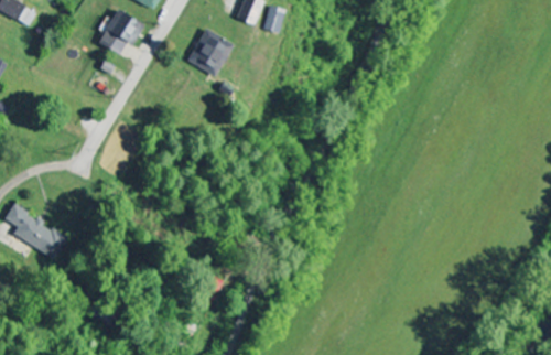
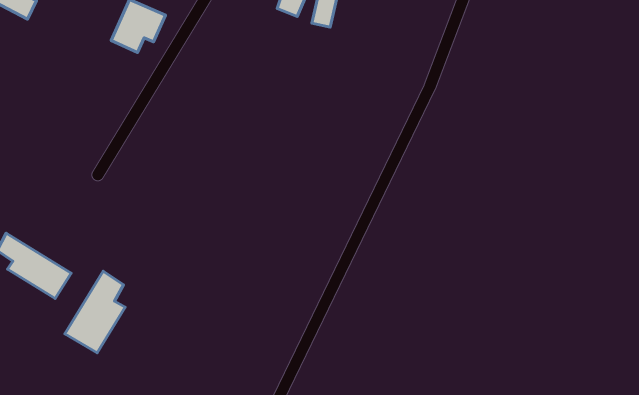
building: [186,28,231,75] -> none
building: none -> [65,271,125,353]

